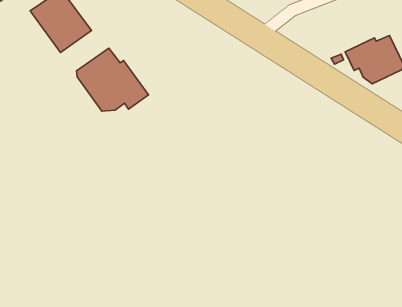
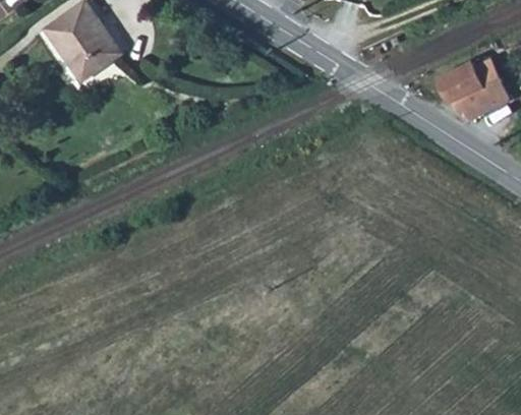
building: [76,48,148,111] -> none

